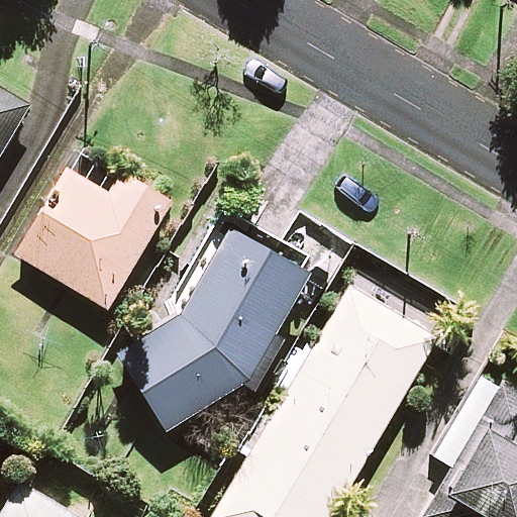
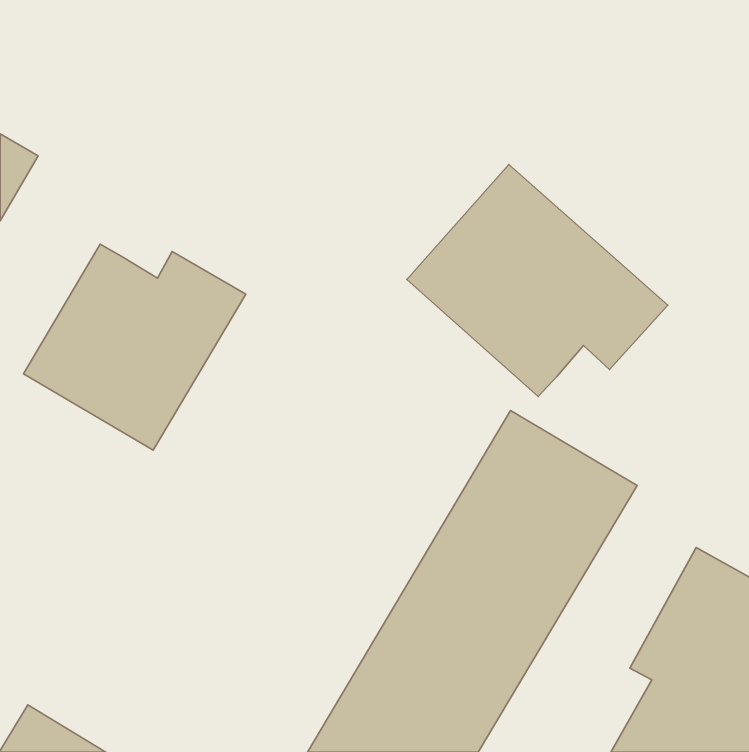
building: none -> [407,164,668,396]
building: [114,227,308,433] -> none

